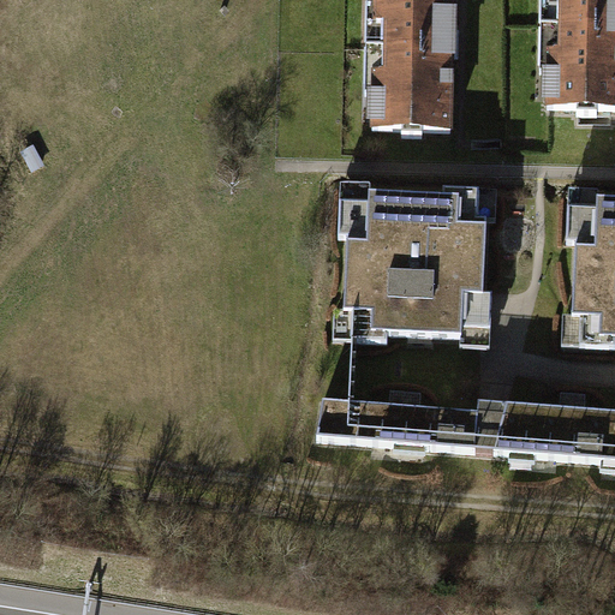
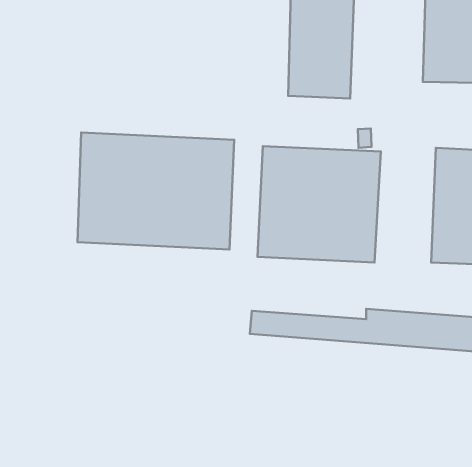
building: none -> [78,132,234,249]

